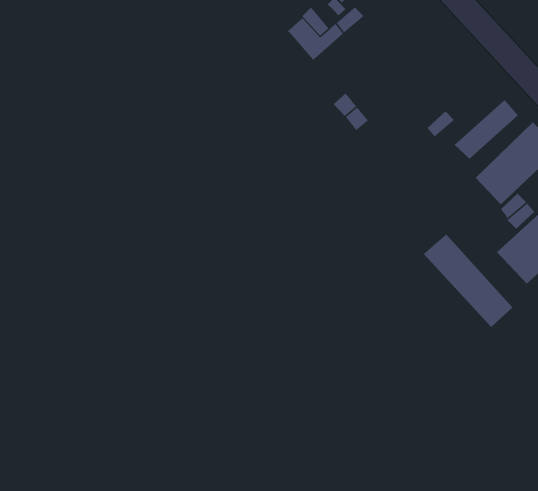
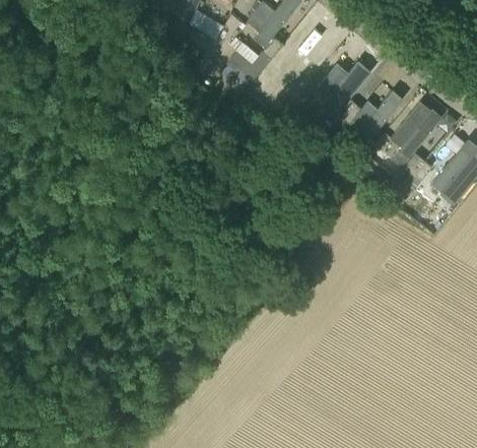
building: none -> [318,60,372,116]
building: [423,234,513,328] -> none

